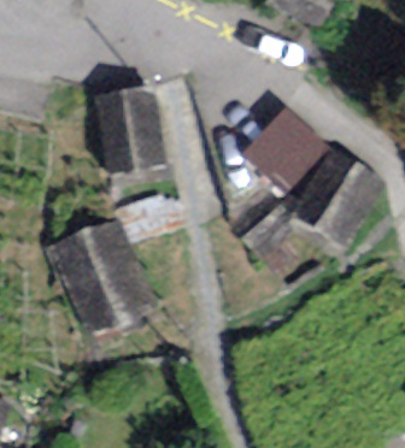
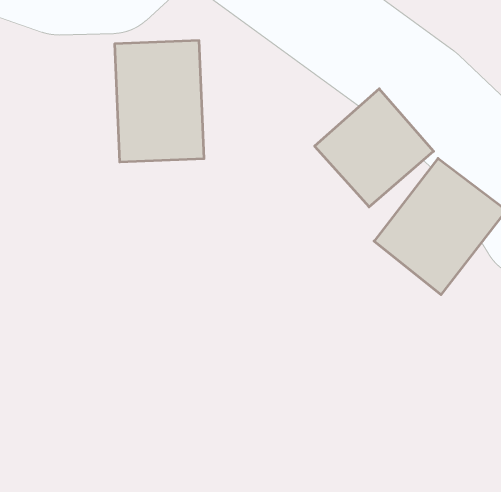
building: [51,219,154,337] -> none

